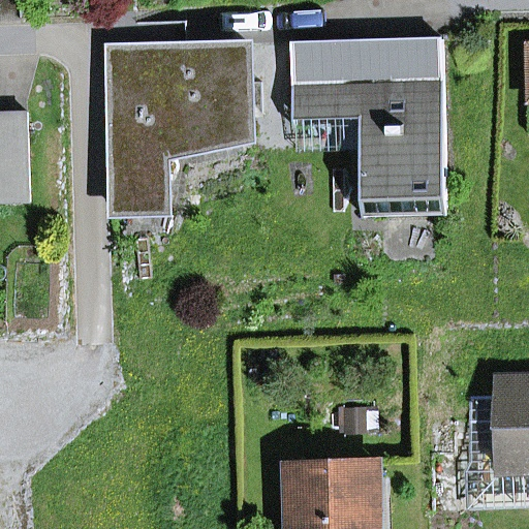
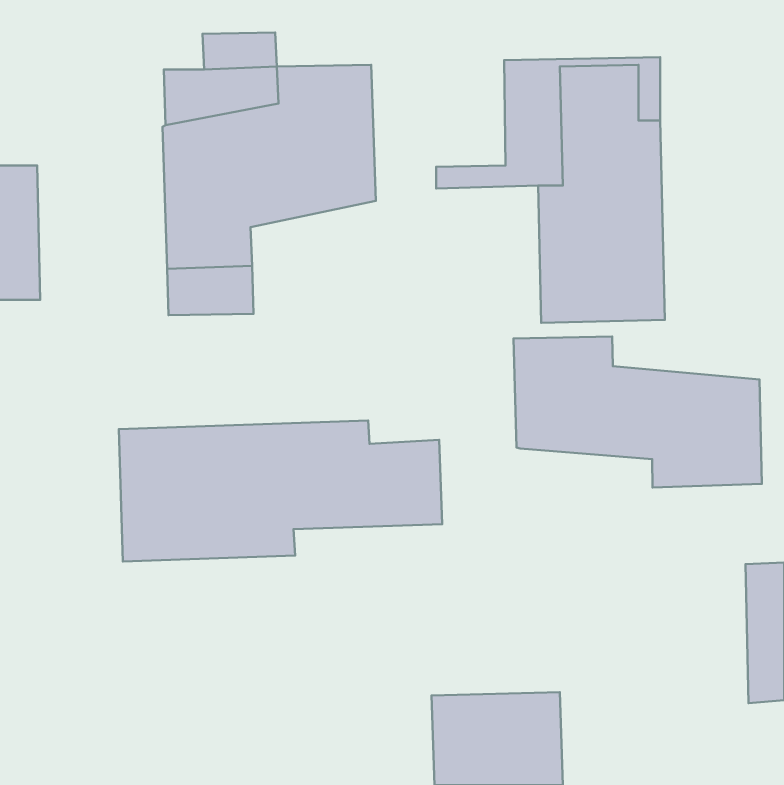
building: [290,40,338,112] -> none
building: none -> [514,336,762,488]
building: none -> [119,421,442,561]

